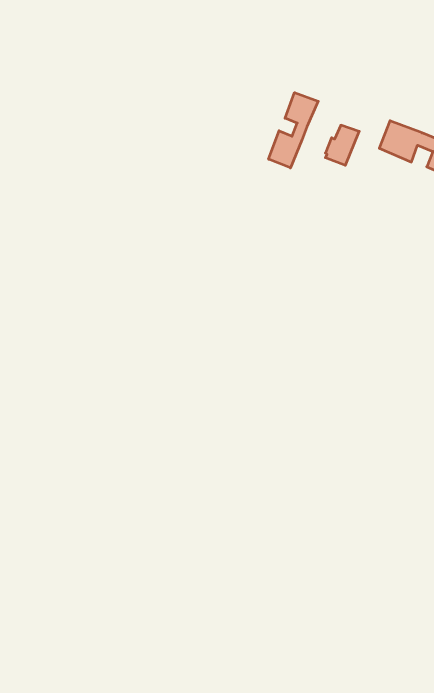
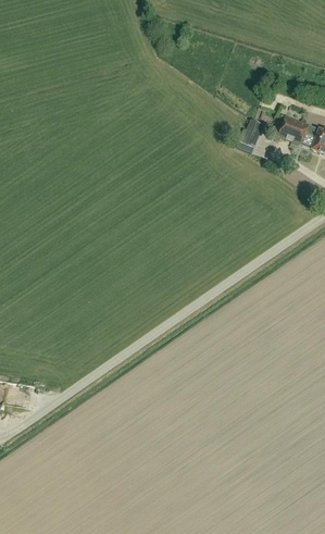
building: [269,93,318,168] -> none

